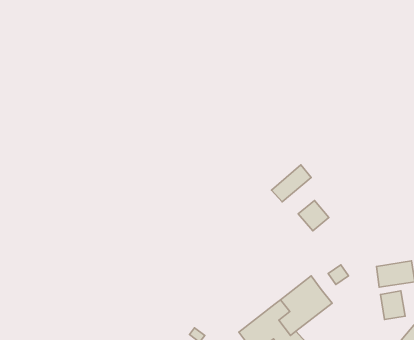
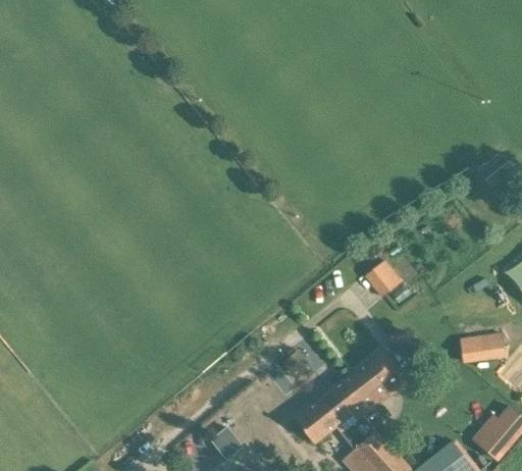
building: [271,165,311,202] -> none
building: [381,291,405,320] -> none

